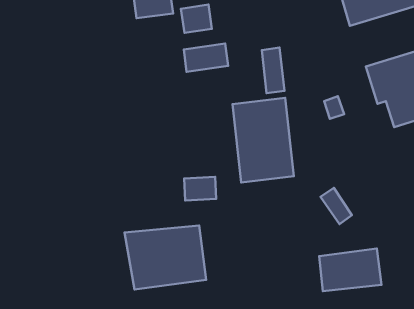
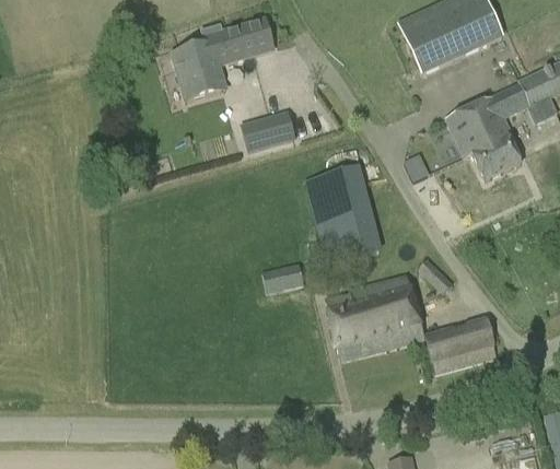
building: [181,5,212,33] -> none
building: [262,48,284,93] -> none
building: [125,225,206,289] -> [326,279,423,360]

